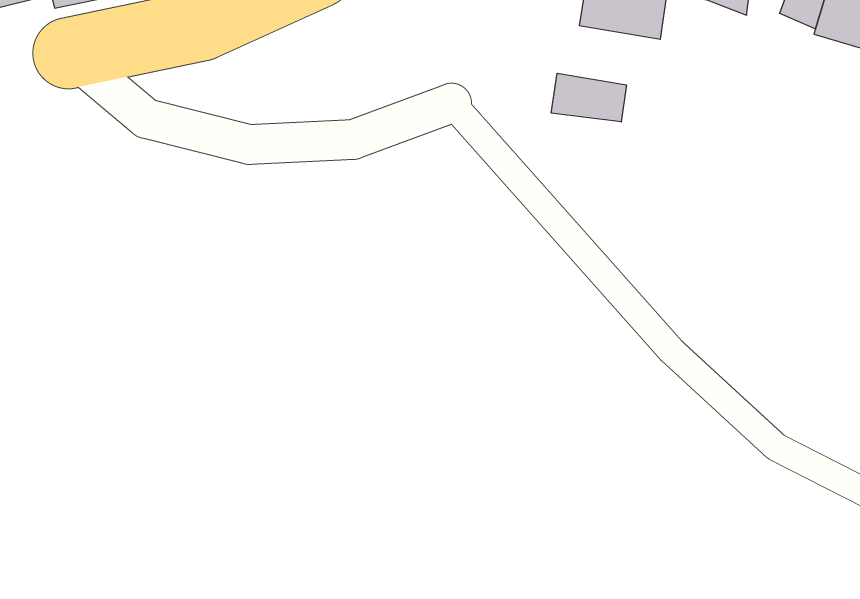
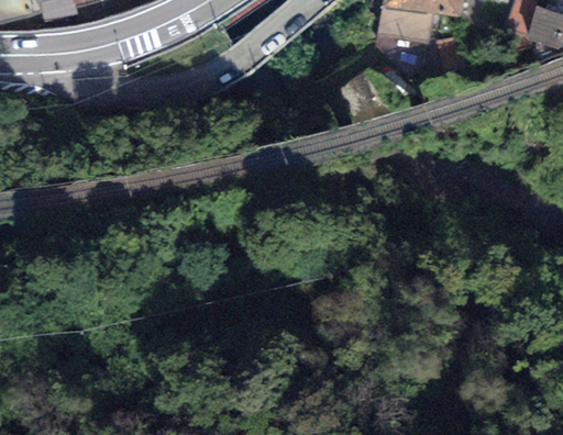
building: [551,73,626,122] -> none

